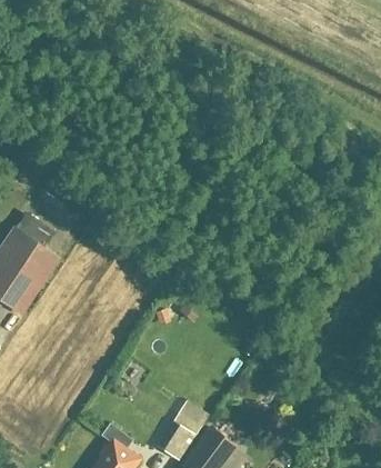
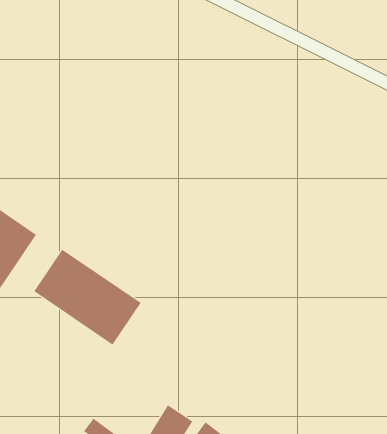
building: none -> [33,249,141,345]

